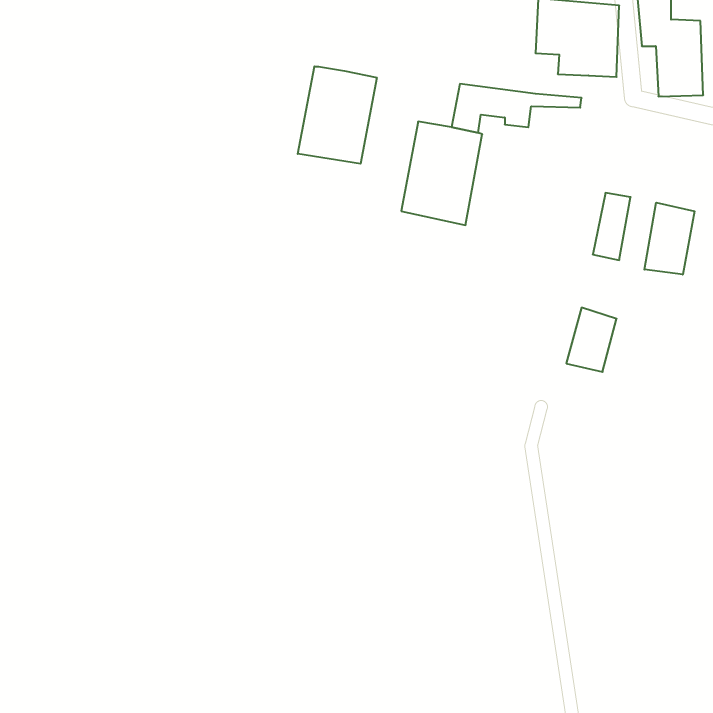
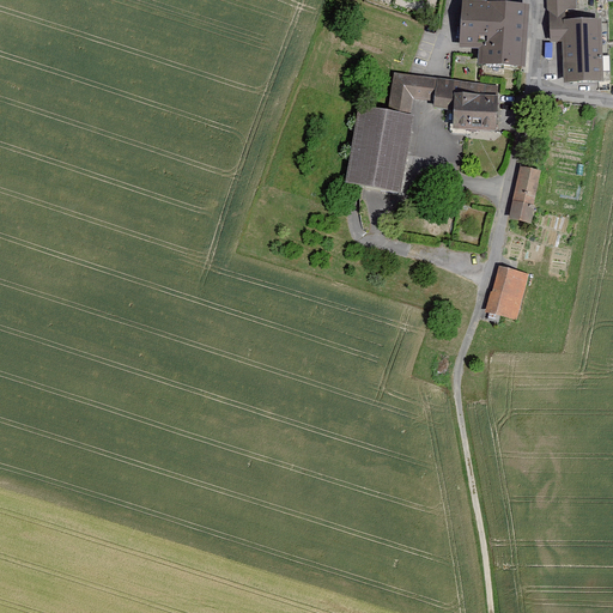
building: [298,66,377,164] -> none
building: none -> [453,91,499,129]
building: [644,203,695,275] -> none

